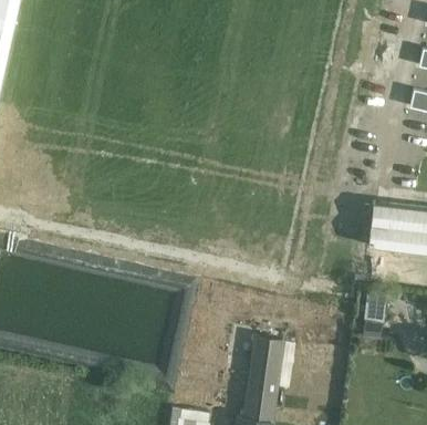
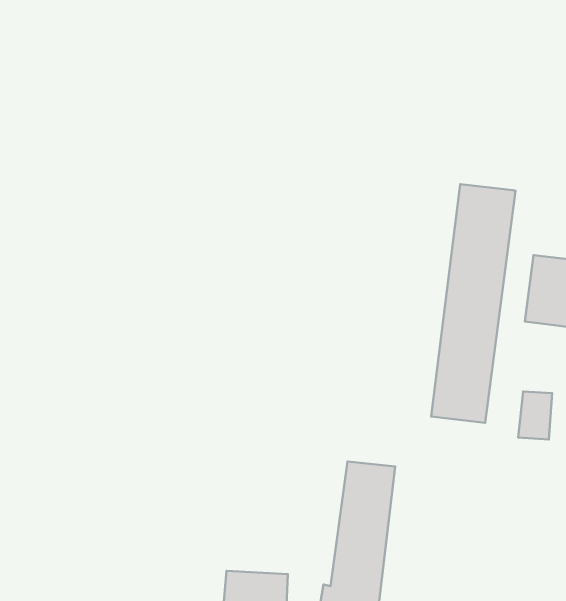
building: none -> [431,184,515,423]

